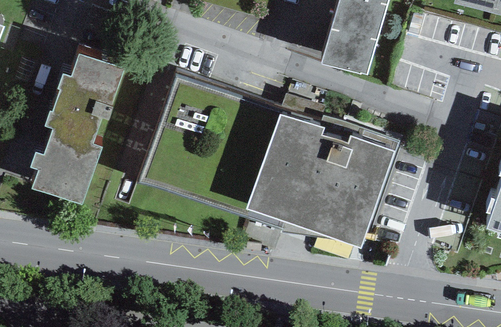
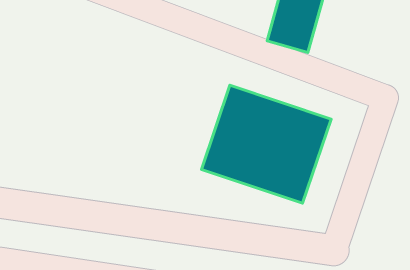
building: [30,53,124,204] -> none

